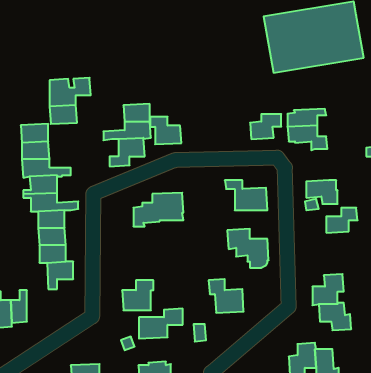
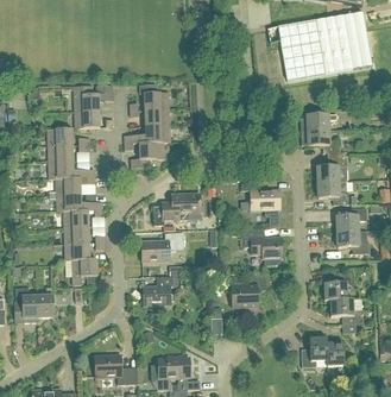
building: [250,114,281,139] -> [316,158,346,182]
building: [150,117,181,144] -> [139,83,169,109]
building: none -> [336,229,367,253]
building: [139,309,183,339] -> [141,232,183,260]

